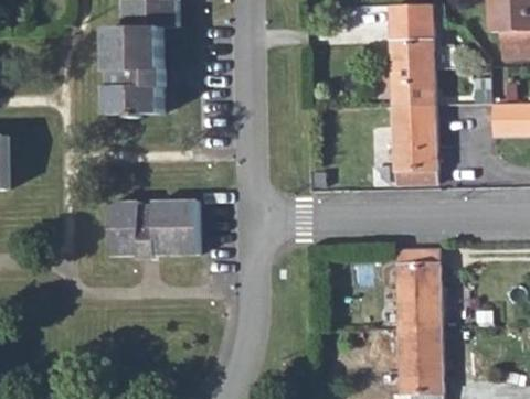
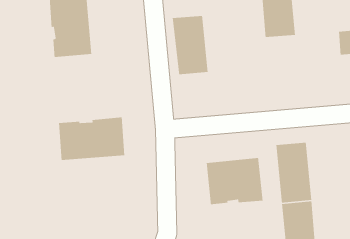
building: [392,105,436,183] -> [172,15,209,75]
building: none -> [206,157,263,205]

